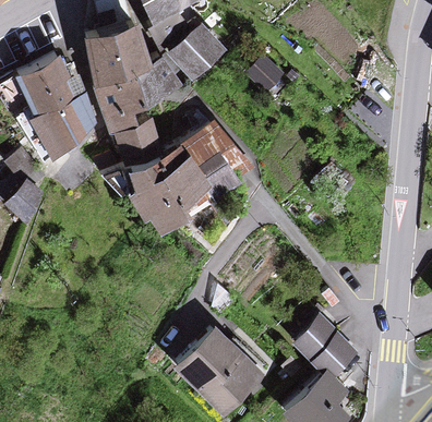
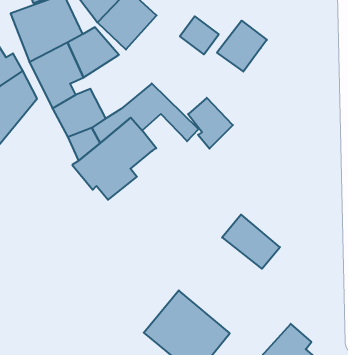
building: none -> [217,21,267,72]
building: [197,148,241,200] -> [188,98,233,149]
building: [297,317,353,374] -> [222,215,280,269]

